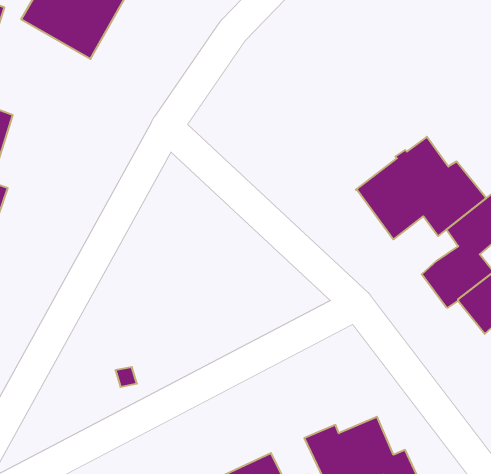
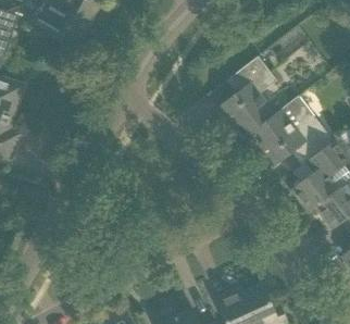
building: none -> [217,54,277,139]

